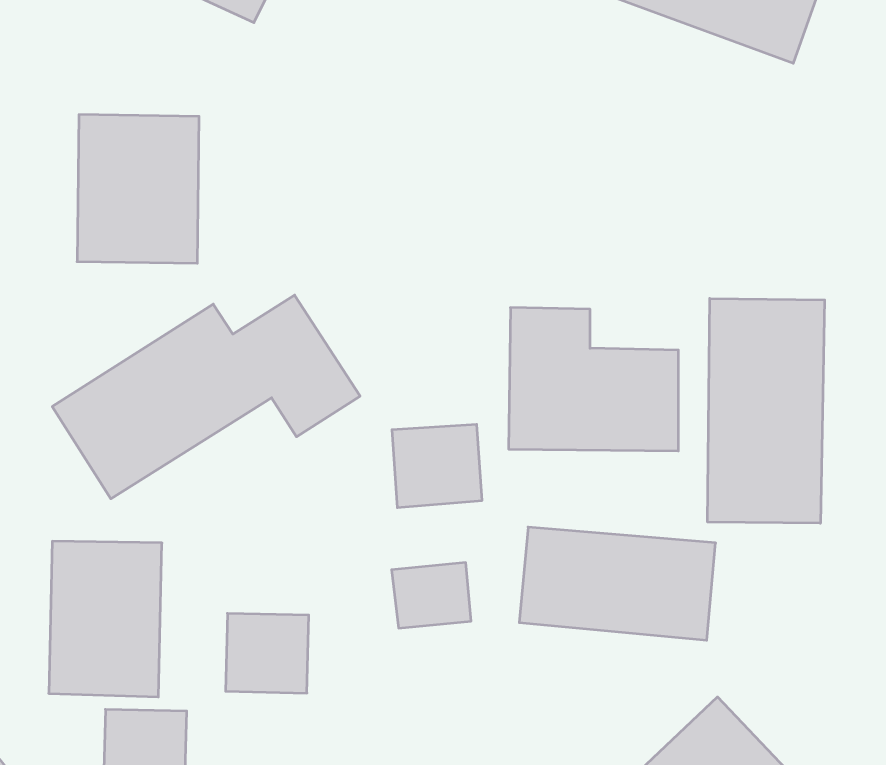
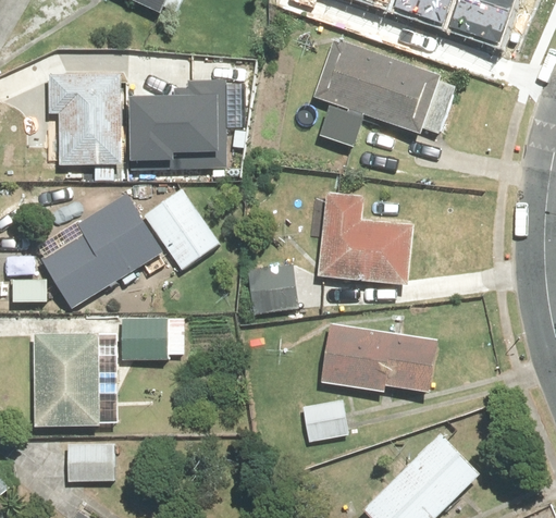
building: none -> [311,38,456,143]
building: none -> [131,76,222,163]
building: [708,298,825,523] -> none
building: [392,563,471,628] -> [299,400,348,441]
building: [226,613,309,693] -> [119,317,170,366]

